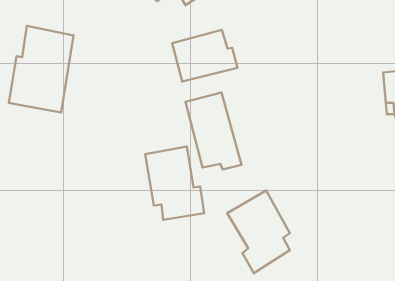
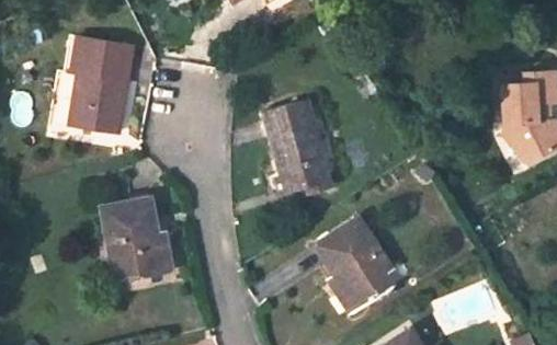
building: [172,30,237,81] -> none
building: [145,147,204,220] -> [104,194,172,278]

